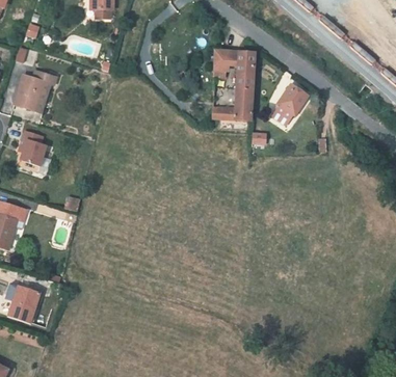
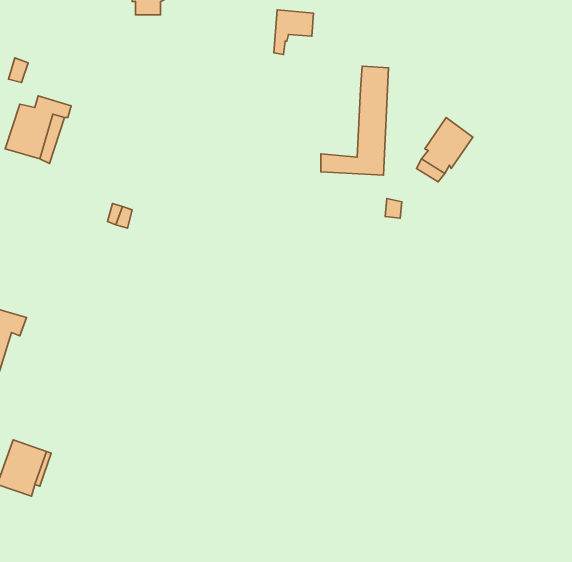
building: [213,49,238,77] -> [274,10,313,54]
building: [20,130,51,173] -> none

